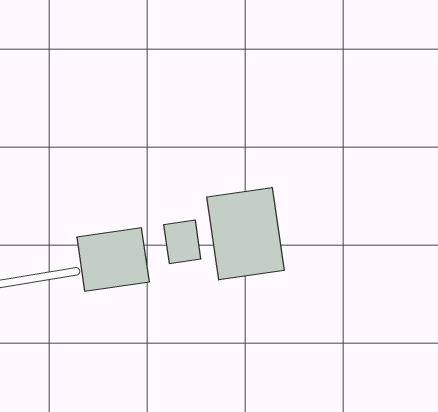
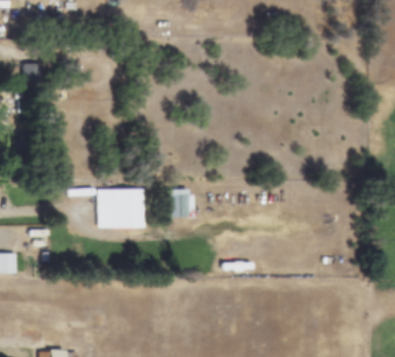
building: [207,187,284,280] -> none

